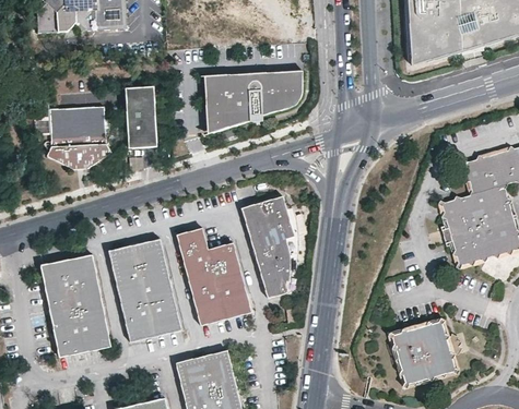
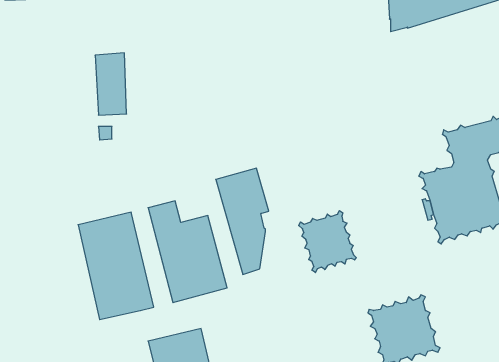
building: [210,71,303,131] -> none
building: [47,106,111,168] -> none
building: none -> [299,211,356,273]
building: [39,253,110,357] -> none

